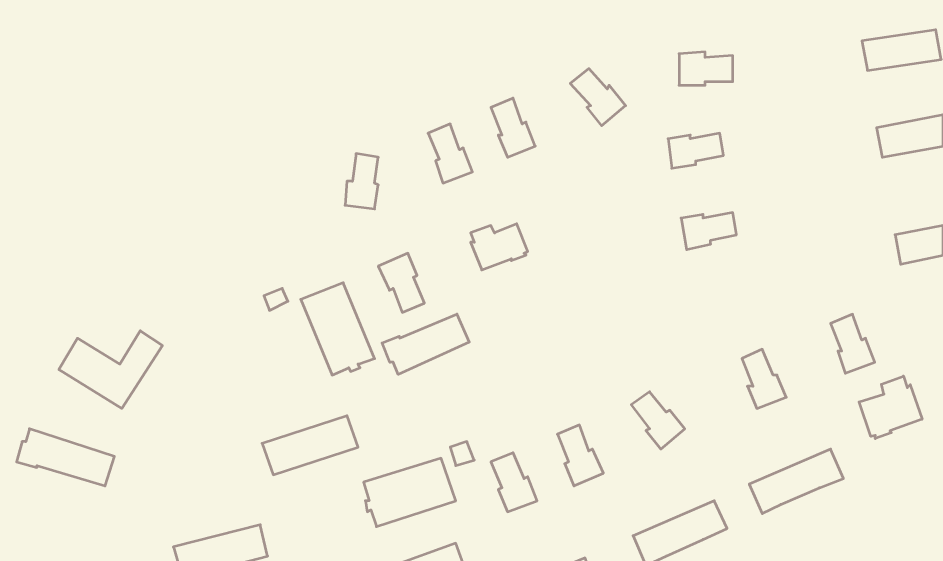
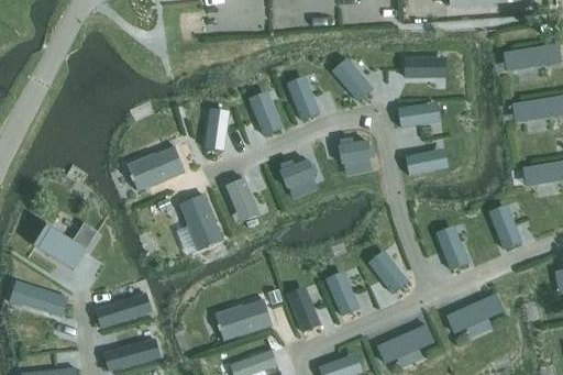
building: none -> [339,137,371,163]
building: none -> [129,146,184,190]
building: [382,314,469,374] -> none
building: [859,376,922,439] -> none
building: [262,416,358,475] -> [95,293,152,328]

